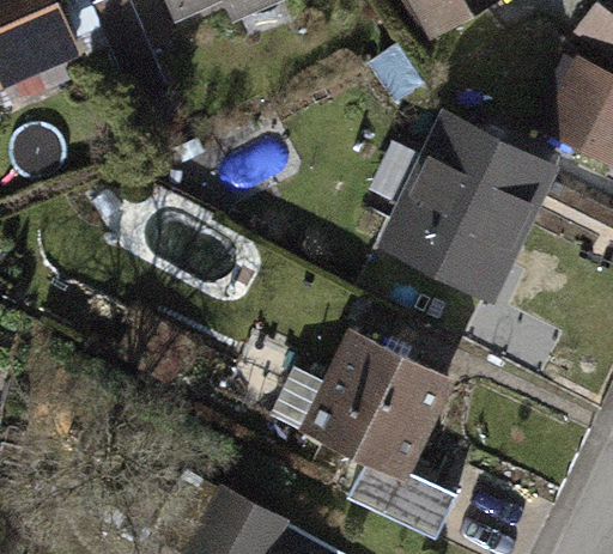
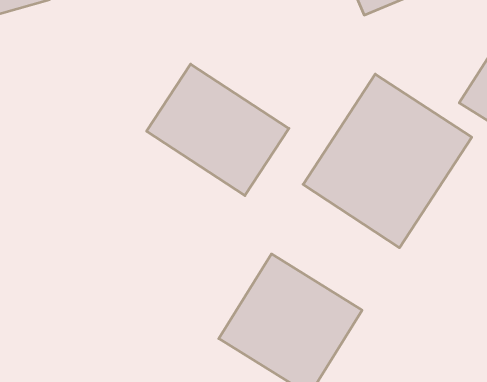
building: none -> [147,64,289,196]

